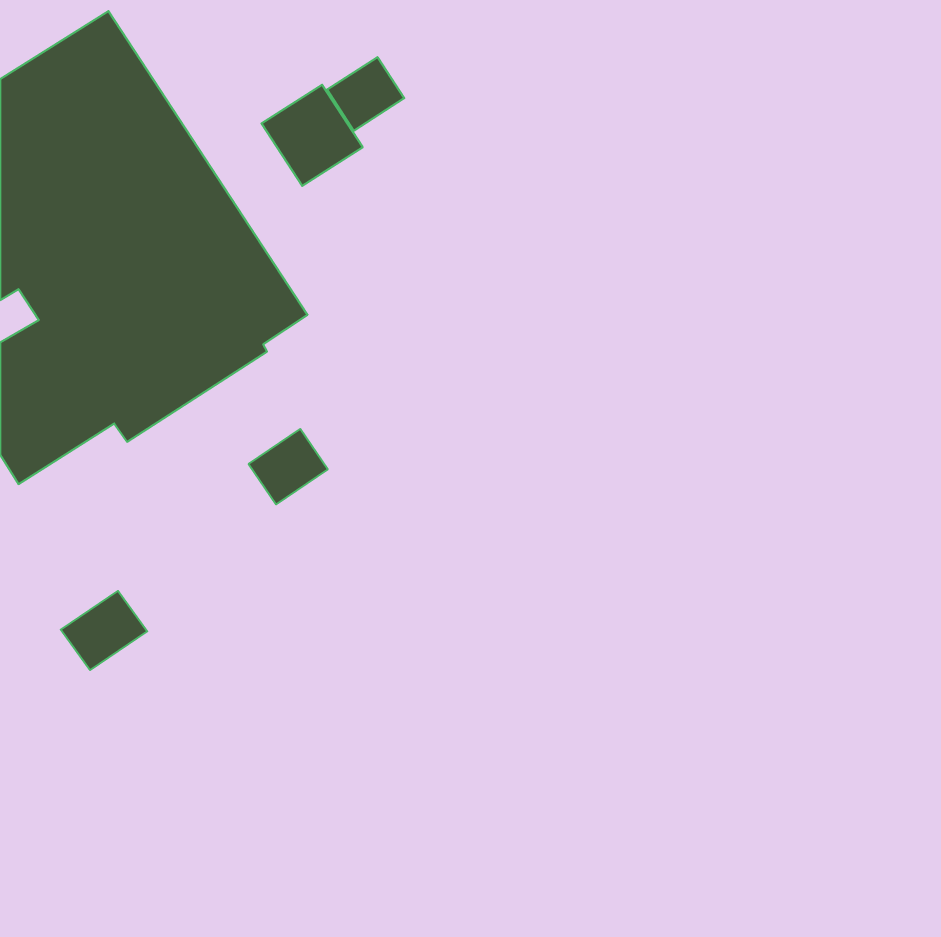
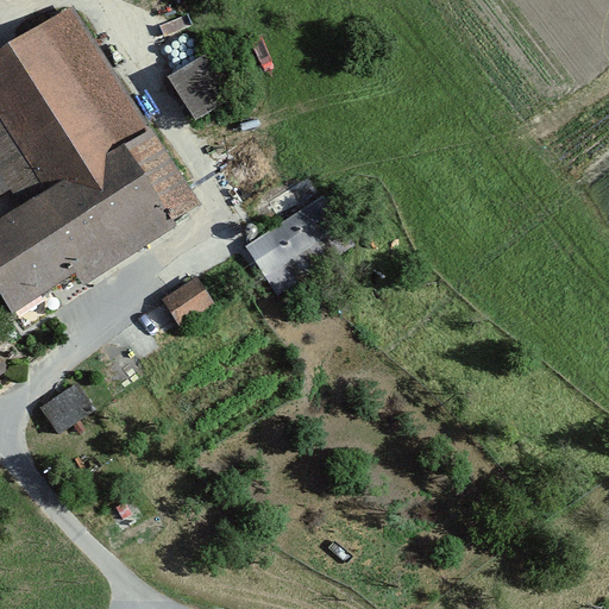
building: [327,57,404,131] -> none
building: none -> [245,197,352,294]

